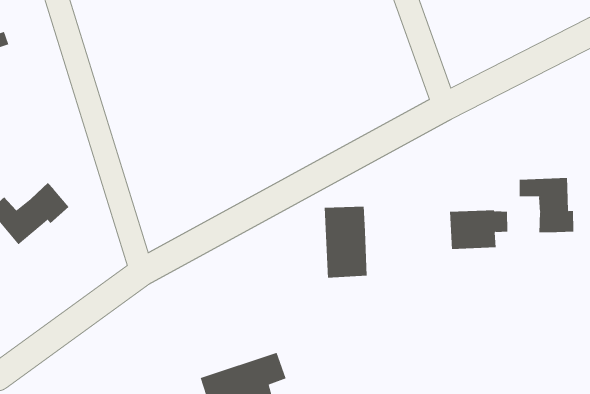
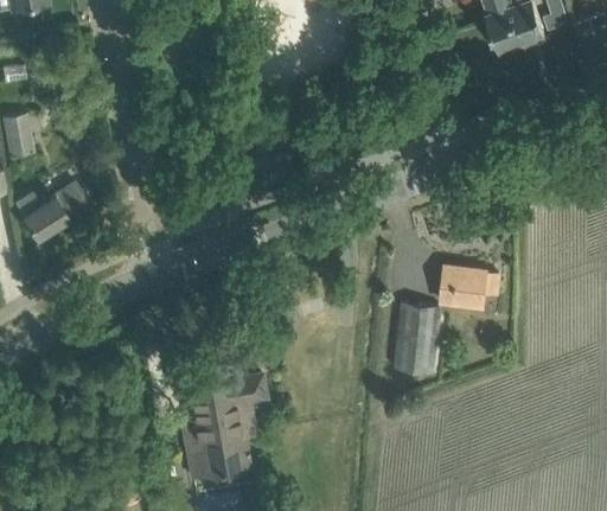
building: [519,177,574,233] -> none
building: [324,206,367,278] -> [396,302,441,372]

